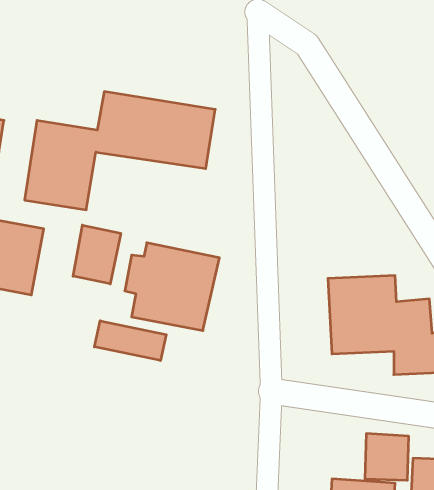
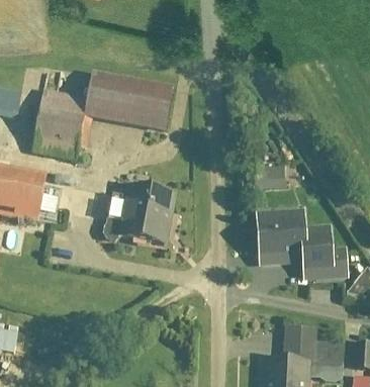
building: [73,225,121,284] -> none
building: [94,321,166,361] -> none

